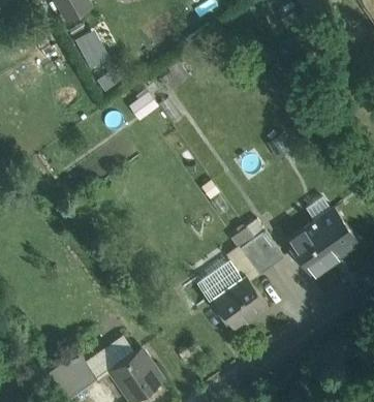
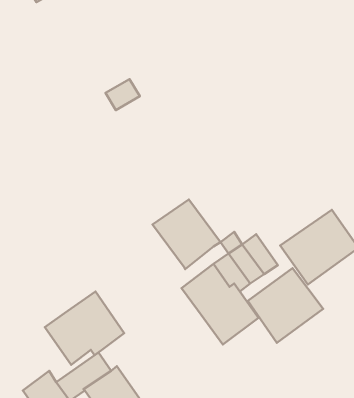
building: [75,28,111,68] -> none
building: none -> [152,200,220,269]
building: none -> [248,268,323,343]
building: none -> [45,292,124,365]

